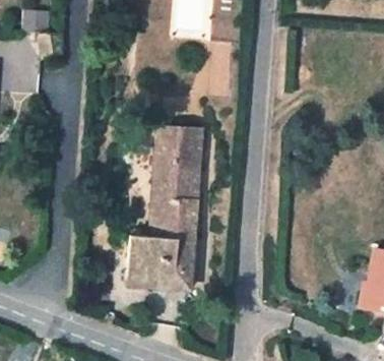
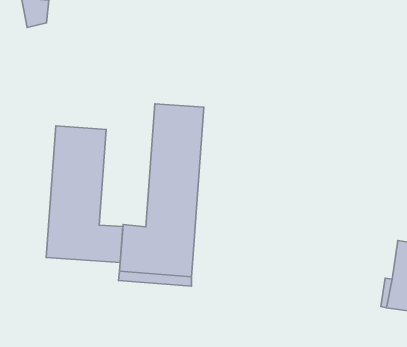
building: none -> [46,126,123,263]

